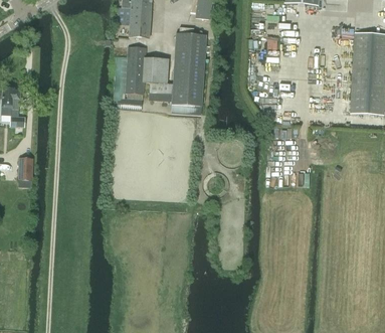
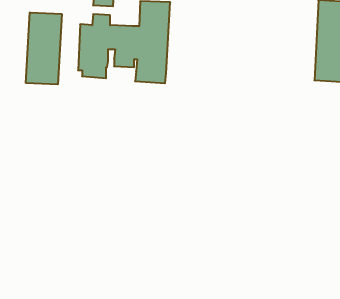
building: none -> [26,12,62,84]

